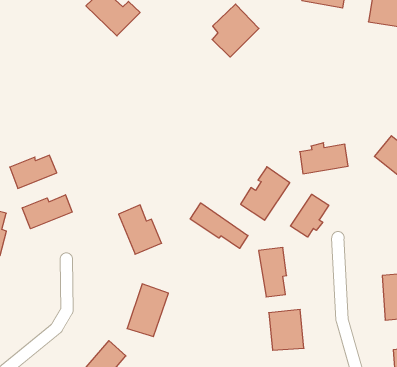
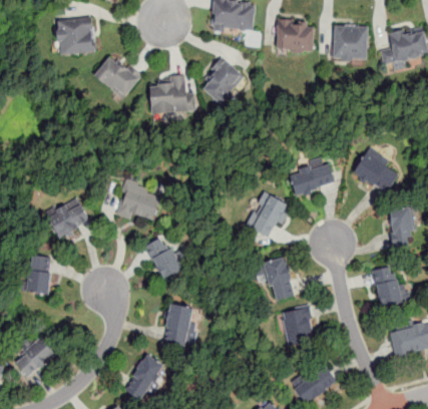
building: none -> [150,78,195,114]
building: none -> [121,181,159,217]
building: [290,194,329,237] -> none
building: [22,195,72,229] -> none
building: [190,203,248,248] -> none

